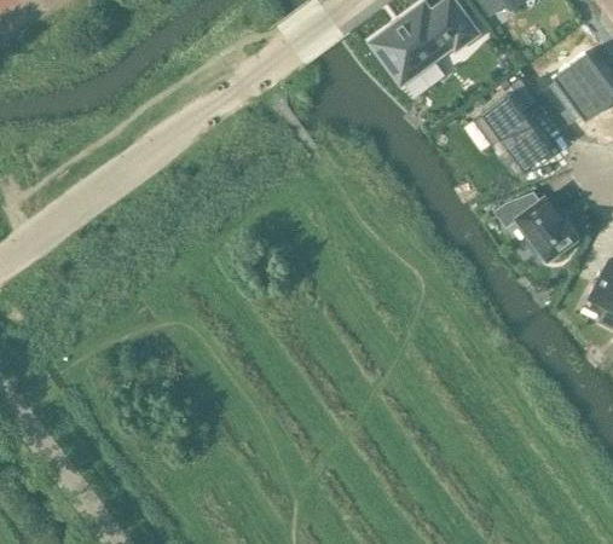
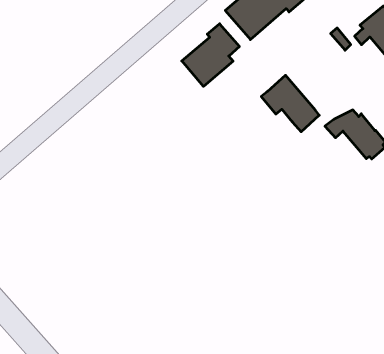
building: none -> [182,24,239,86]
building: [474,93,551,172] -> [261,75,319,132]

